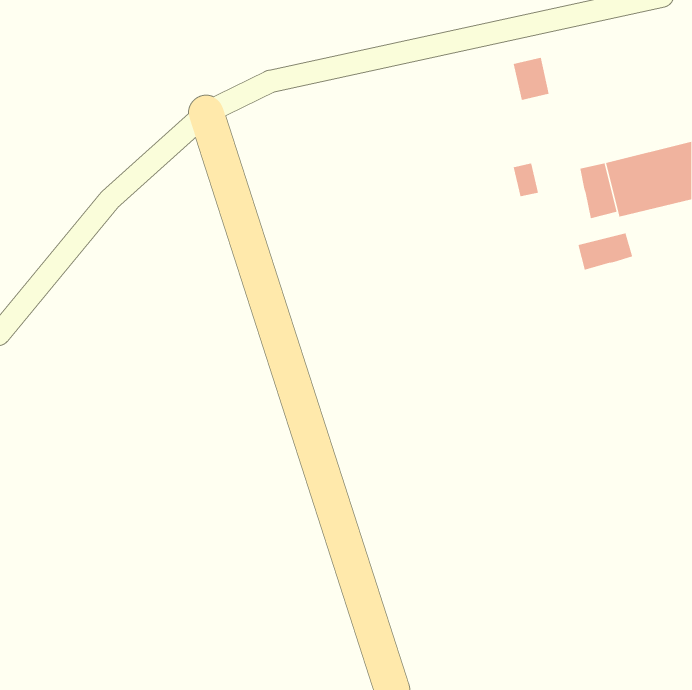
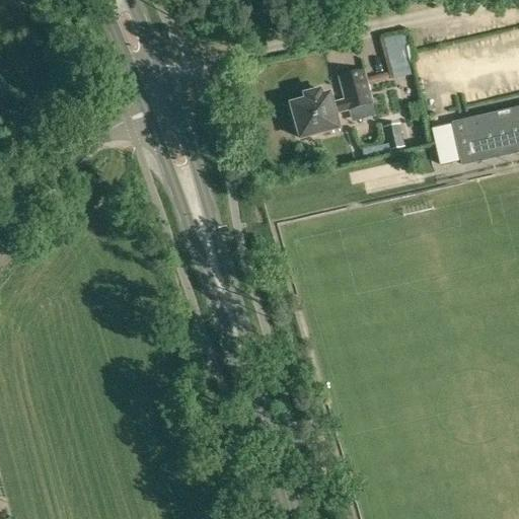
building: none -> [292,67,373,136]
building: [578,233,633,271] -> none

